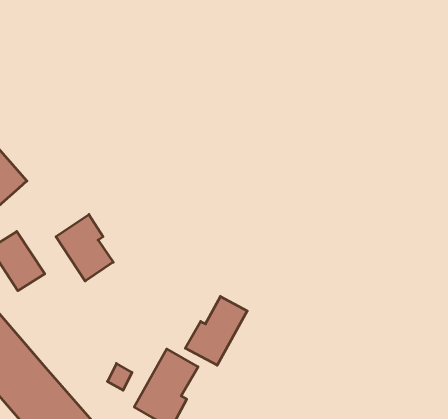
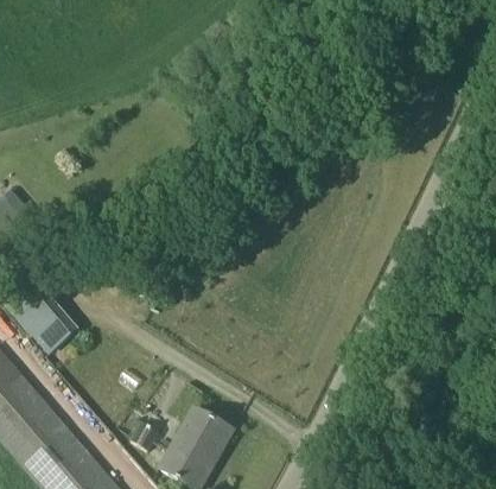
building: [56,214,113,281] -> none
building: [185,296,247,365] -> none

